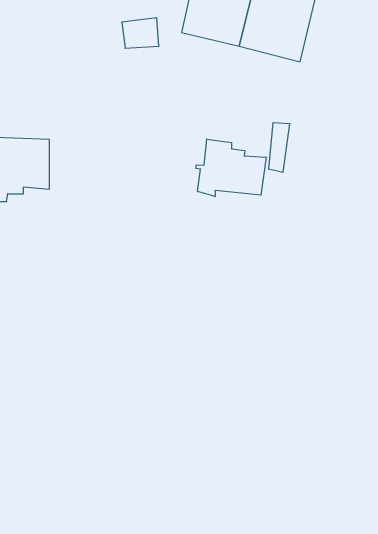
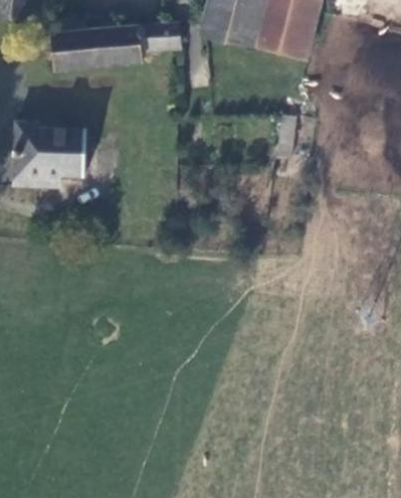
building: none -> [49,25,142,69]
building: [196,139,266,197] -> none

